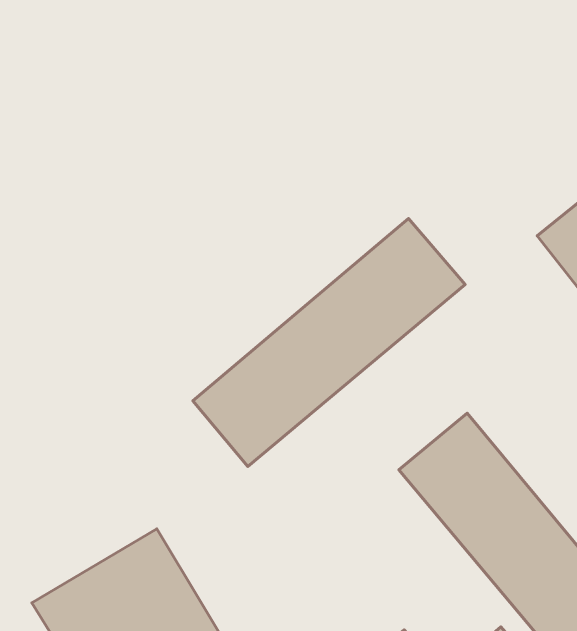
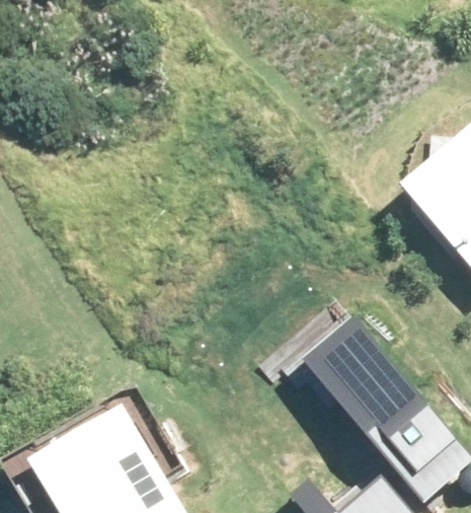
building: [193,219,465,467] -> none

